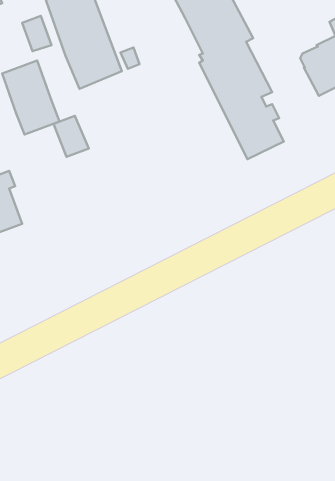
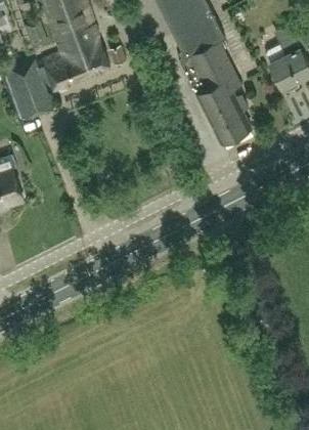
building: [54,116,89,157] -> [42,52,73,88]

